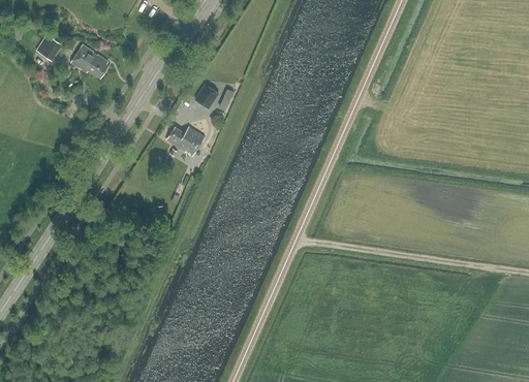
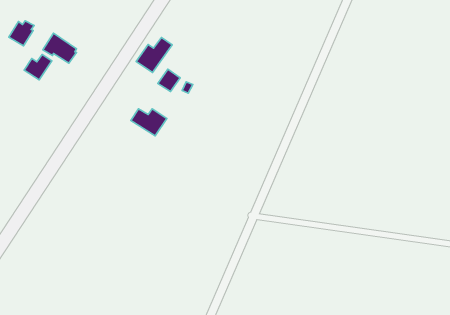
building: none -> [136,37,172,73]
building: none -> [24,54,52,80]

